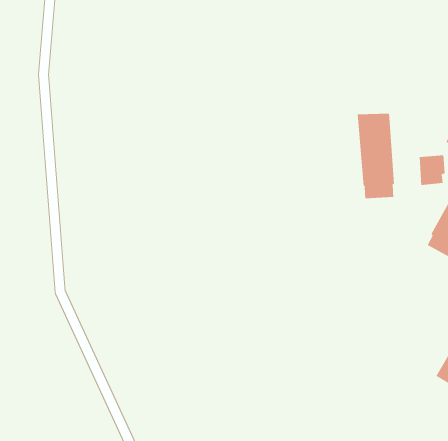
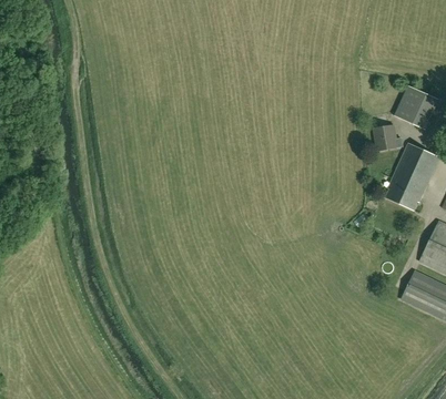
building: [357,113,394,199] -> none

